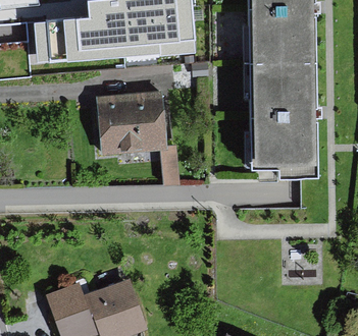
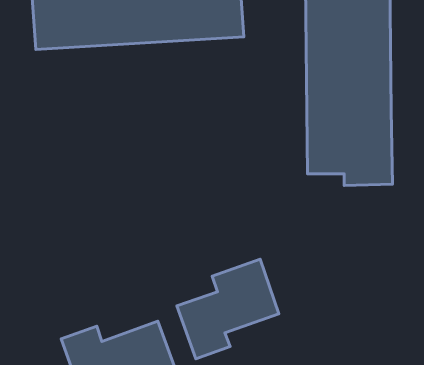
building: [99,96,161,150] -> none
building: none -> [177,259,279,359]

